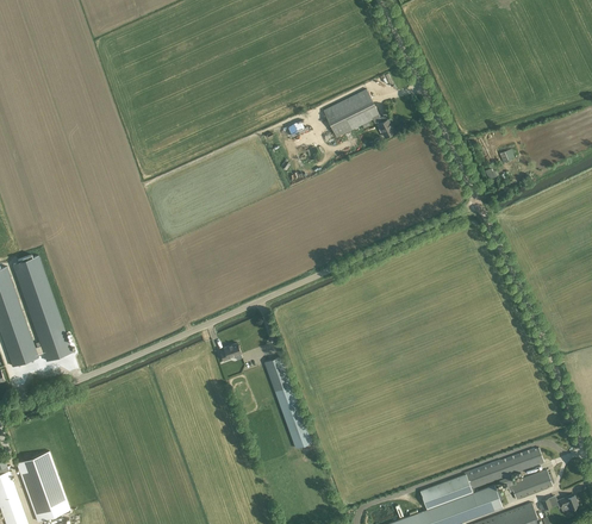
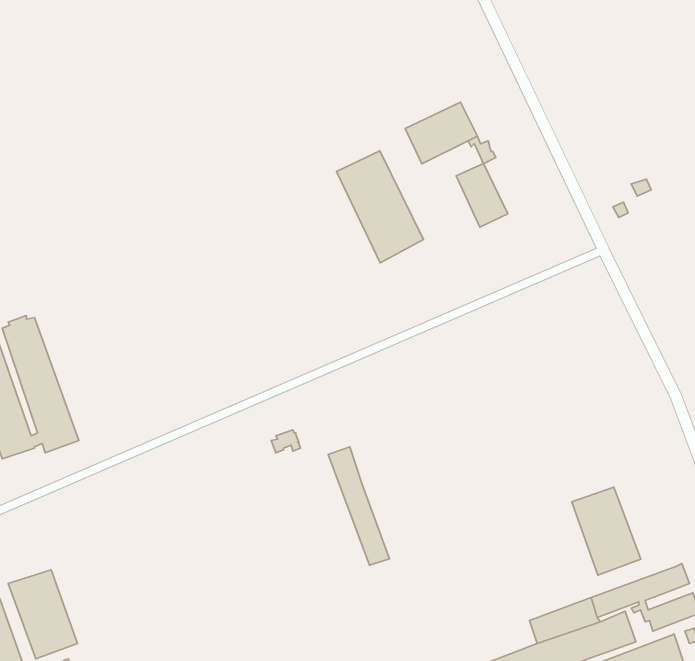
building: none -> [337,151,423,263]
building: none -> [456,164,508,227]
building: none -> [572,487,641,575]

